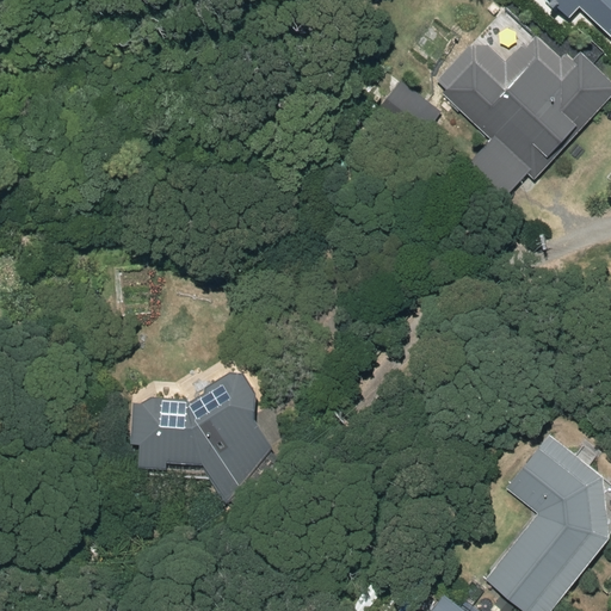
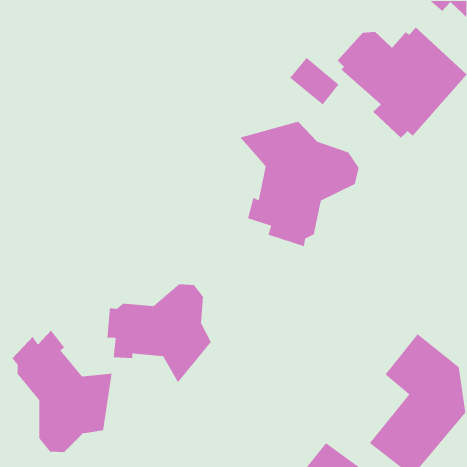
building: none -> [239,121,360,247]
building: none -> [11,329,112,453]

